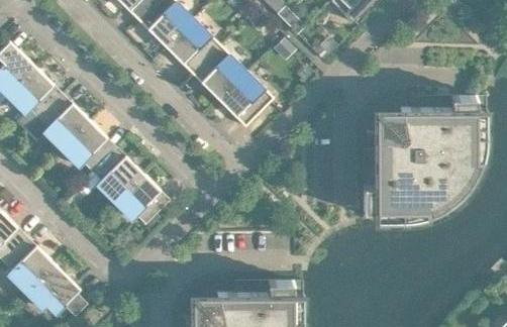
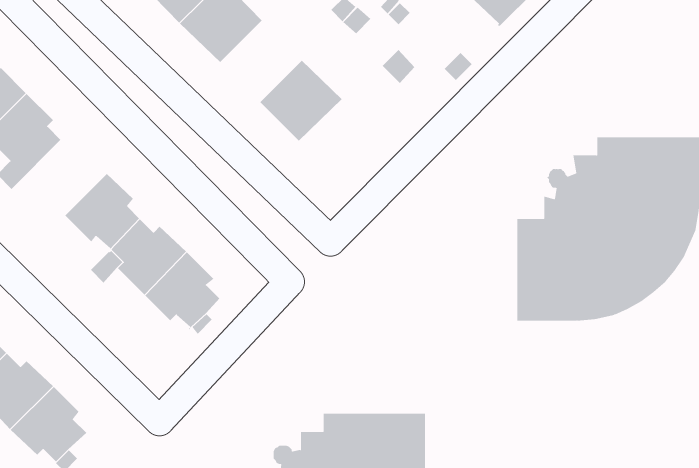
building: [165,18,219,73] -> none
building: [217,71,274,126] -> none
building: [25,98,89,148] -> none

